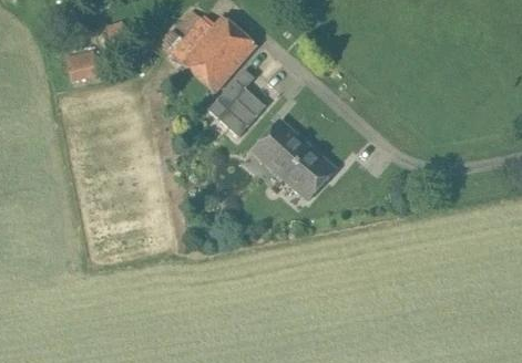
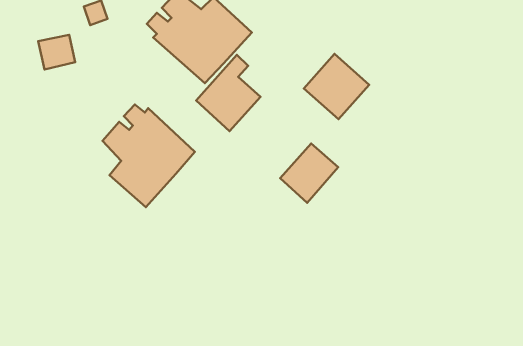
building: none -> [102,104,195,207]
building: [252,120,310,178] -> [304,54,369,119]

